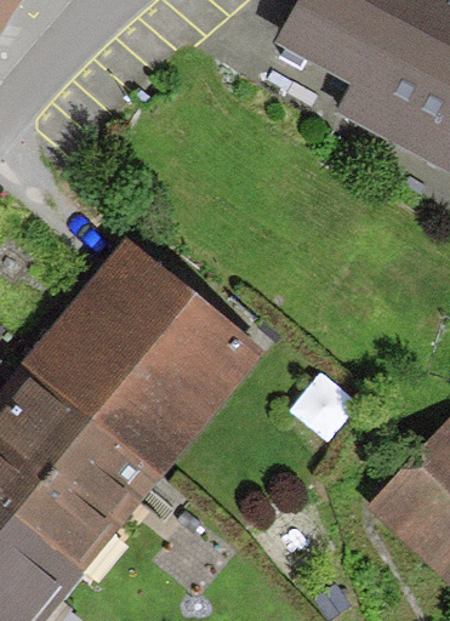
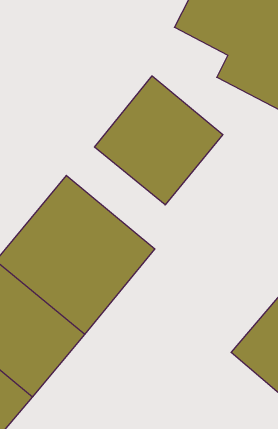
building: none -> [94,76,223,205]

